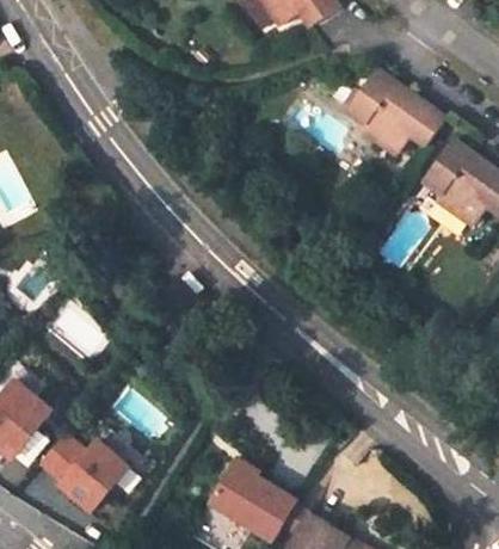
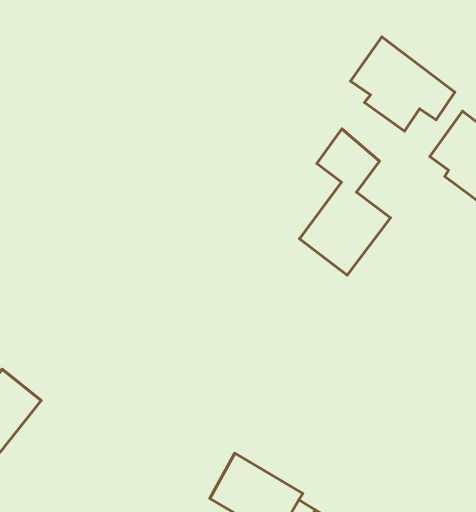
building: none -> [299,129,391,275]
building: [39,434,129,511] -> none

